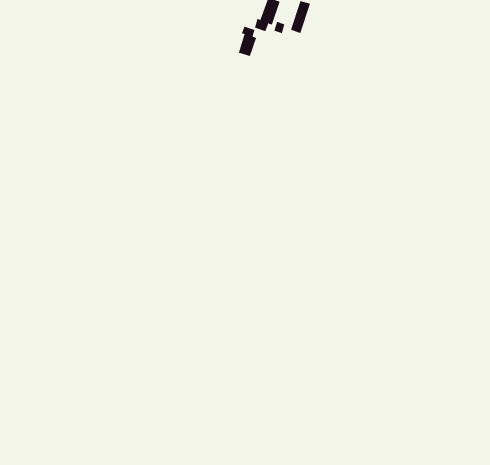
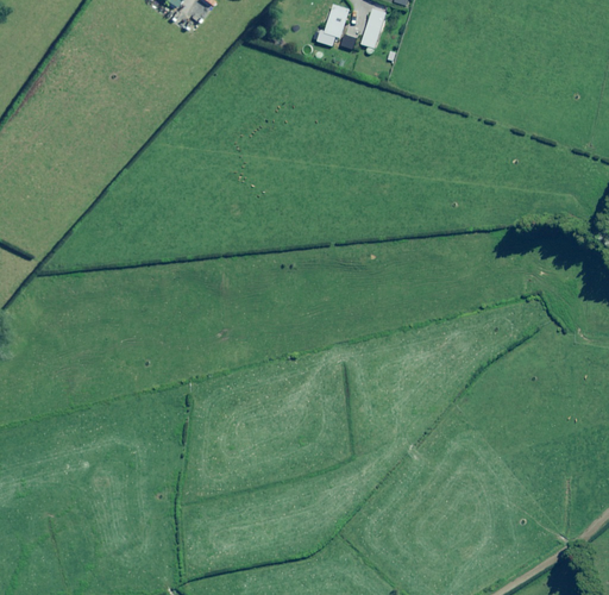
building: [238,26,257,57] -> none

